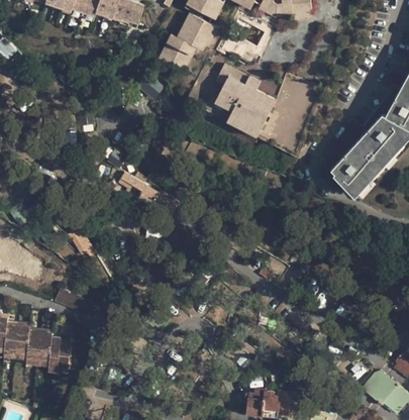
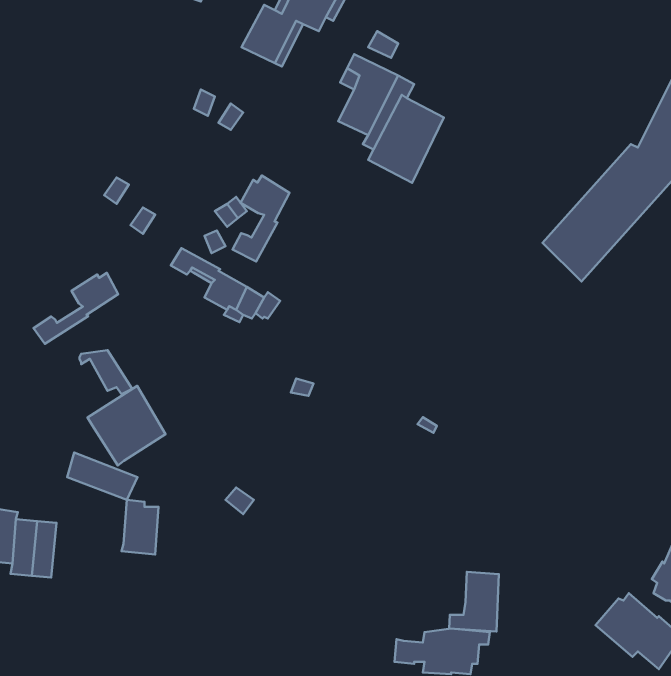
building: none -> [232,176,289,261]
building: none -> [33,273,118,344]
building: none -> [88,386,166,465]
building: [48,336,70,368] -> [122,500,159,555]
building: none -> [449,572,499,631]

